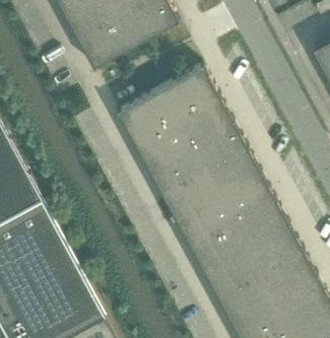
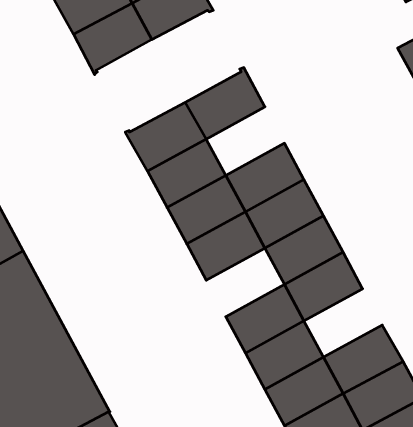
building: [174,92,230,142] -> none
building: [174,195,230,245] -> none
building: [245,224,302,274] -> none

